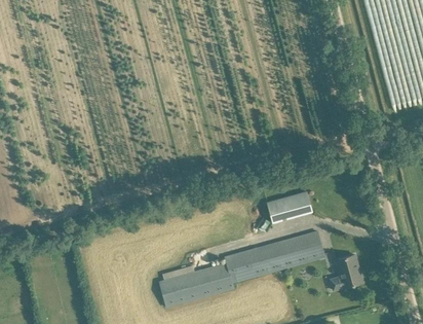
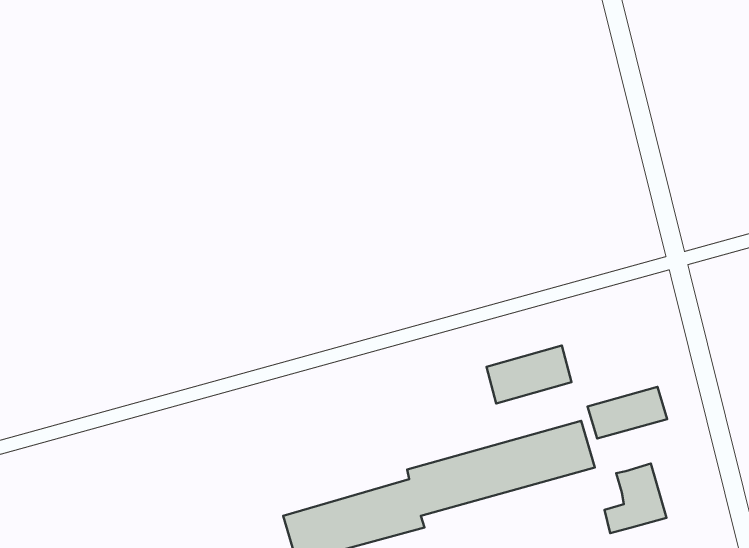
building: none -> [588,387,667,439]

